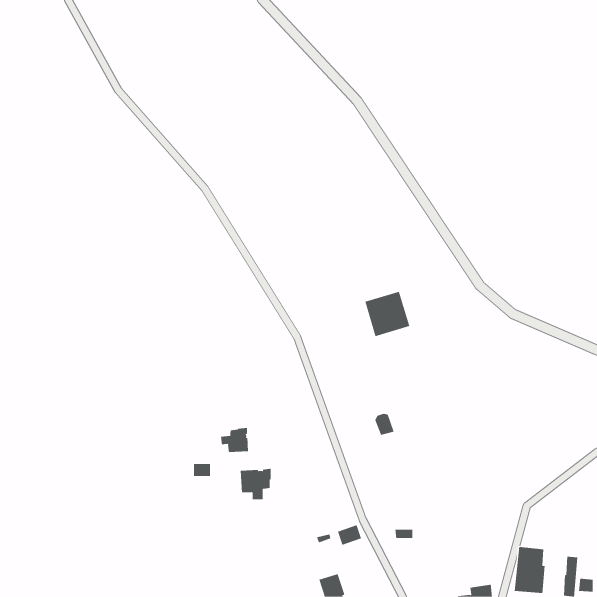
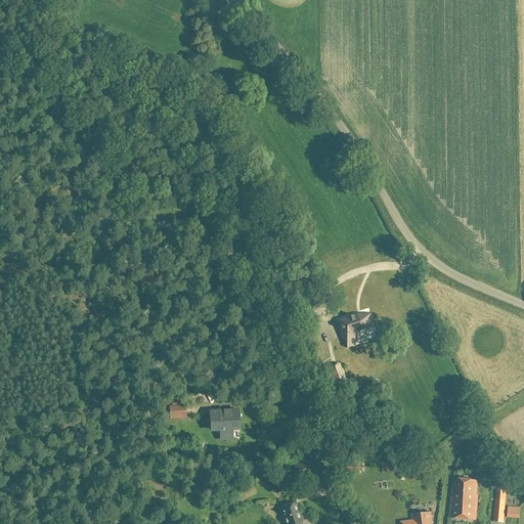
building: [364,291,410,337] -> [341,309,381,349]
building: [220,427,248,453] -> none

